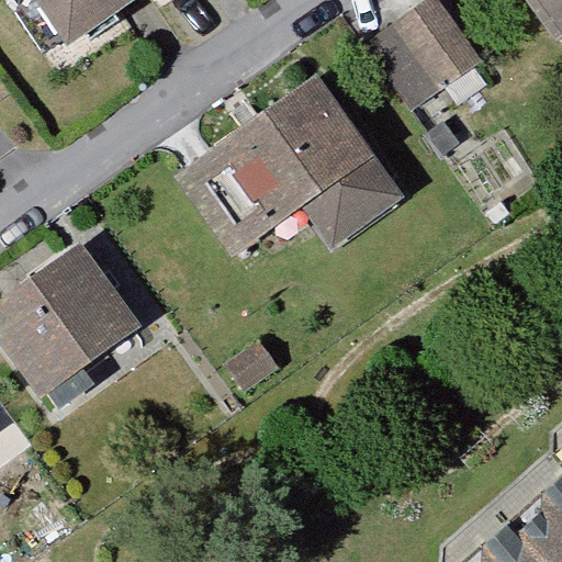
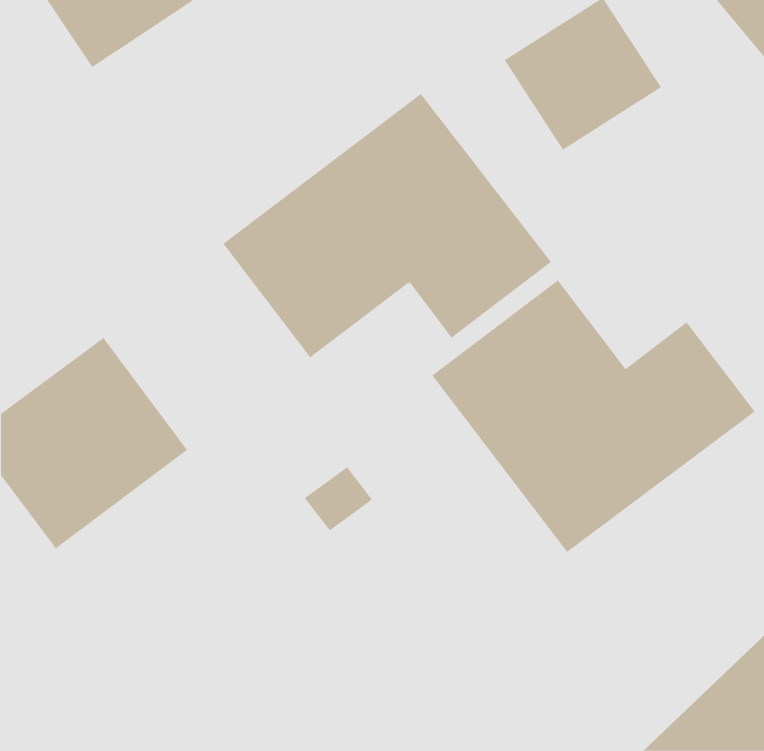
building: none -> [432,279,755,553]

